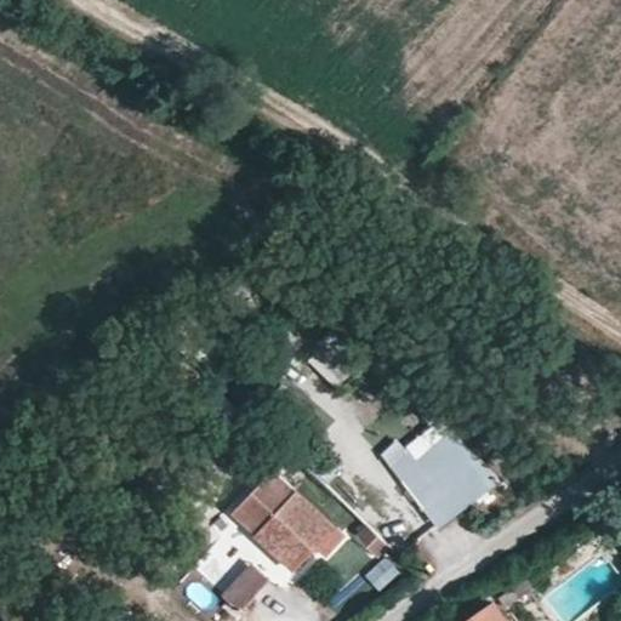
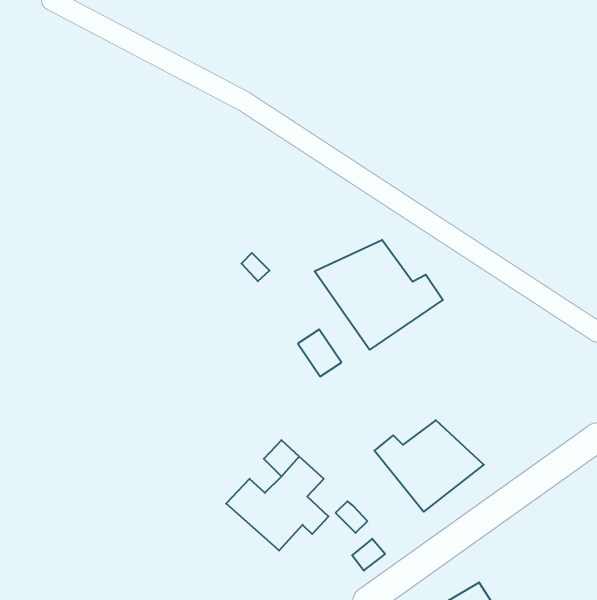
building: none -> [315,240,443,350]
building: [220,563,266,613] -> none

